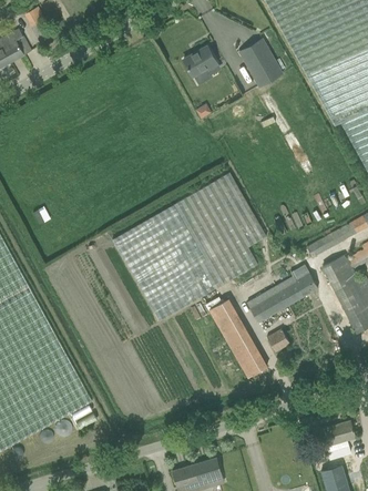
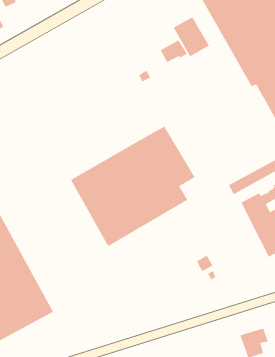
building: [183,49,217,78] -> [160,39,188,63]
building: [247,265,318,324] -> none
building: [209,298,267,378] -> none

